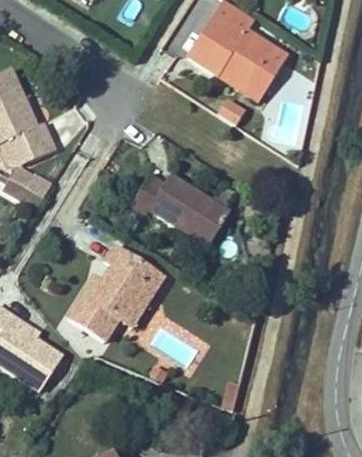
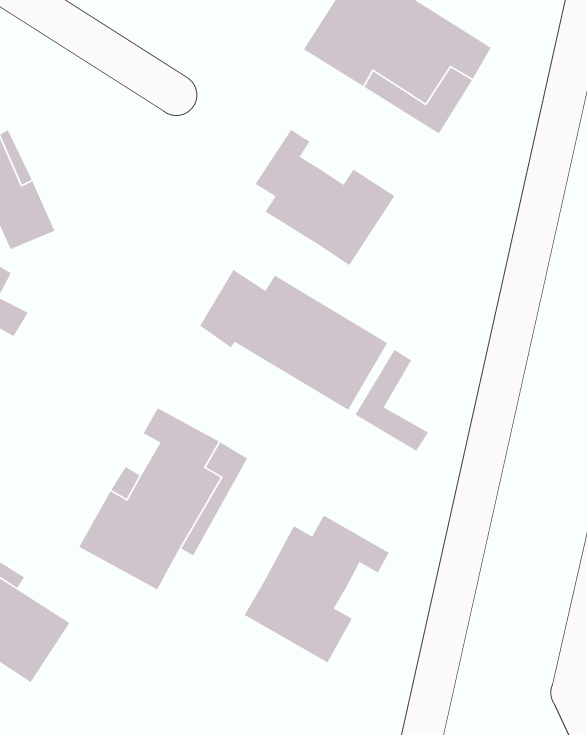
building: none -> [255,129,396,266]
building: none -> [355,349,429,452]
building: none -> [243,514,390,664]

